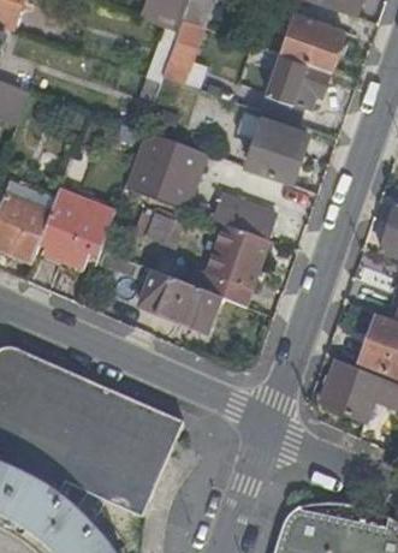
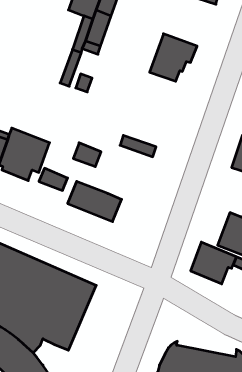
building: [281,13,345,71] -> none
building: [237,111,308,178] -> none
building: [133,132,201,200] -> none
building: [200,222,271,307] -> none

